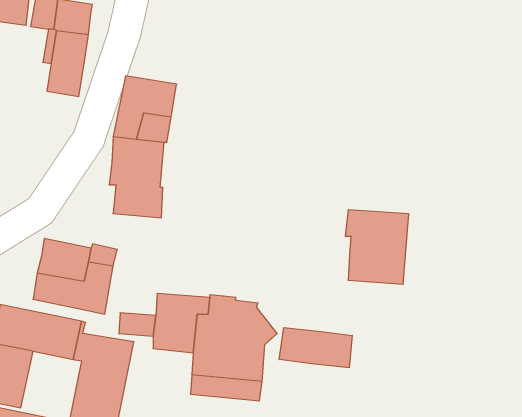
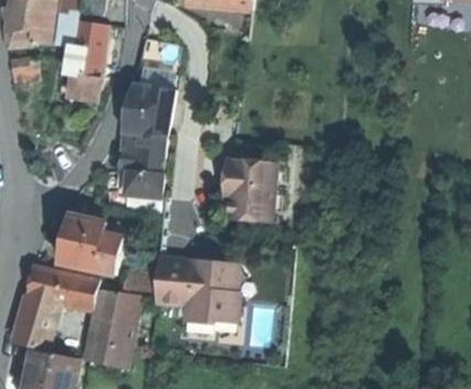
building: [345,210,409,284] -> [224,161,275,221]
building: [279,328,352,368] -> none

